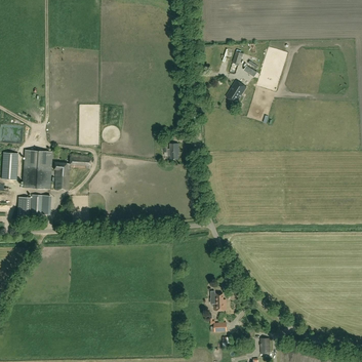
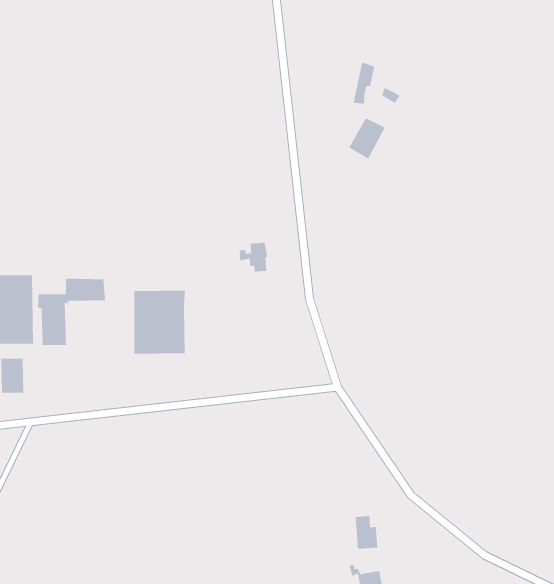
building: none -> [134,290,185,354]

